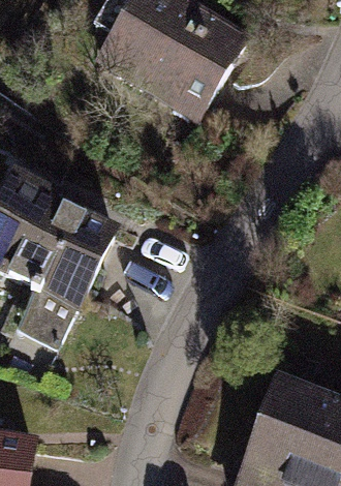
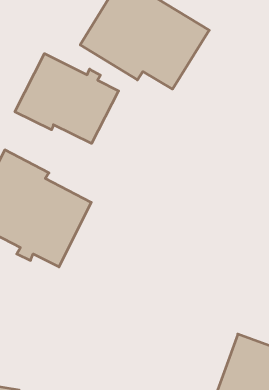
building: none -> [15,54,119,143]

